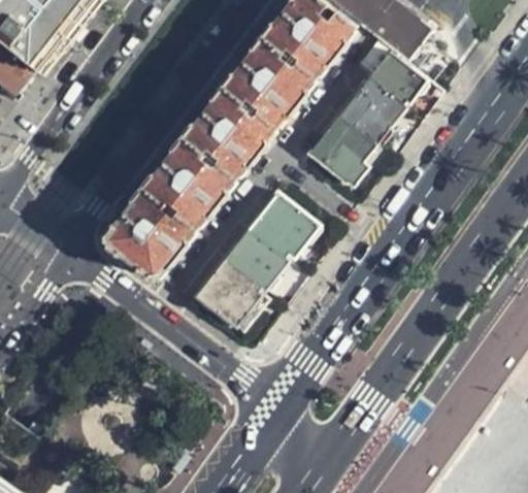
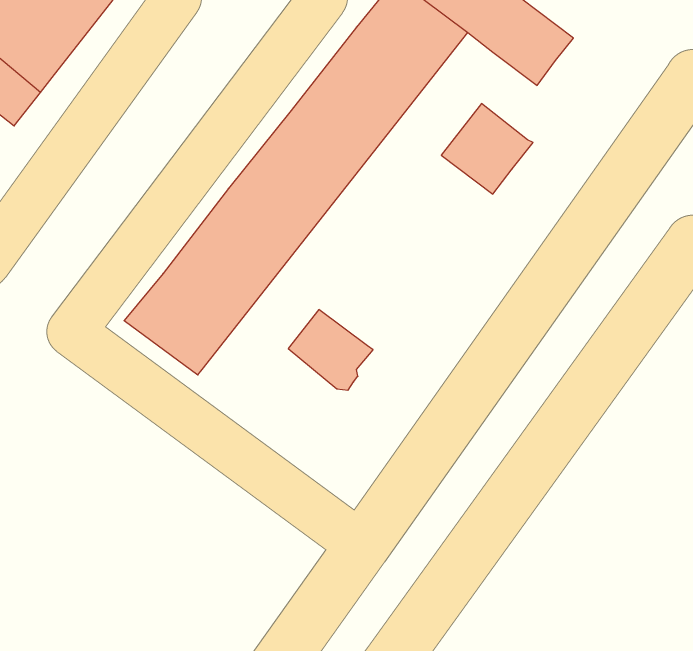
building: [358,39,427,104] -> none
building: [307,116,375,182] -> none
building: [246,192,317,257] -> none
building: [192,259,266,328] -> none

